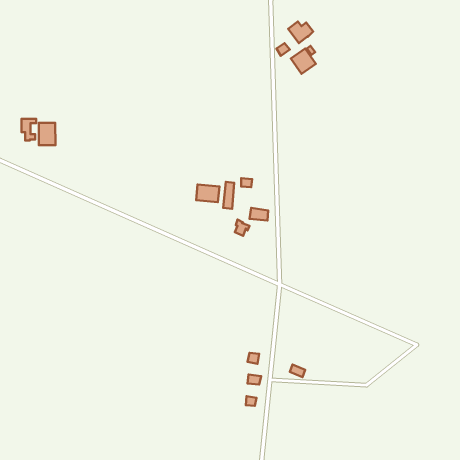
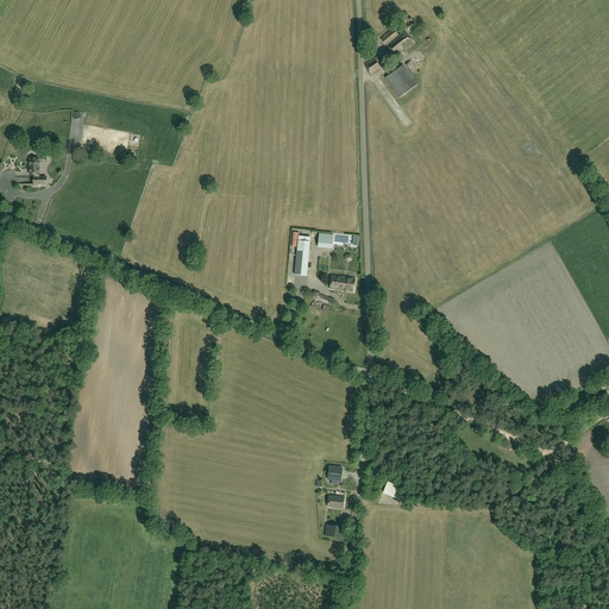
building: [39,123,55,145] -> none
building: [196,185,220,202] -> none

